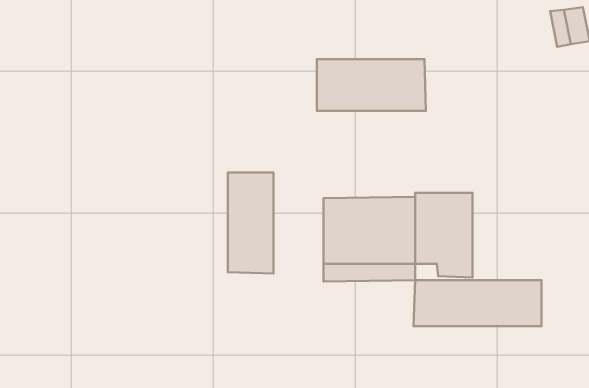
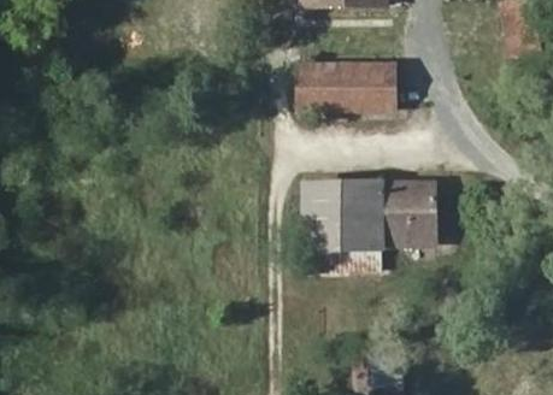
building: [228,172,273,273] -> none
building: [413,280,542,326] -> none

